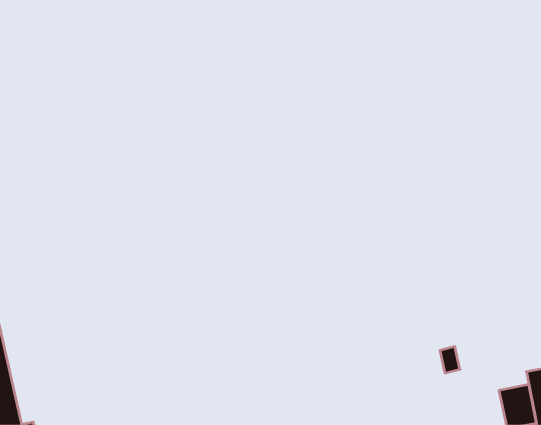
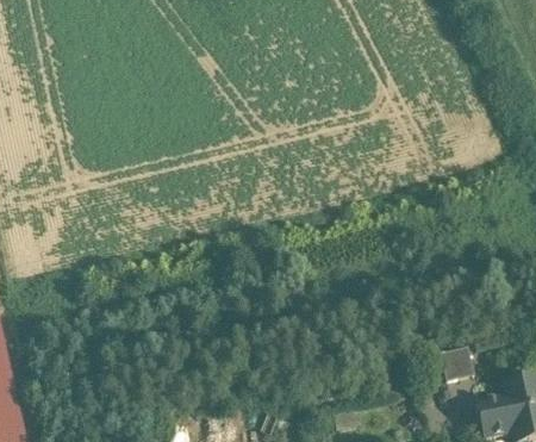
building: none -> [440,347,474,381]

